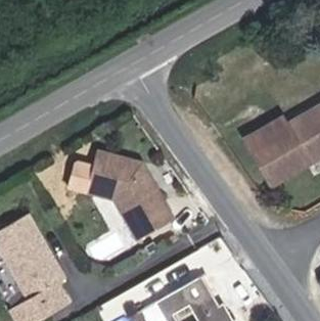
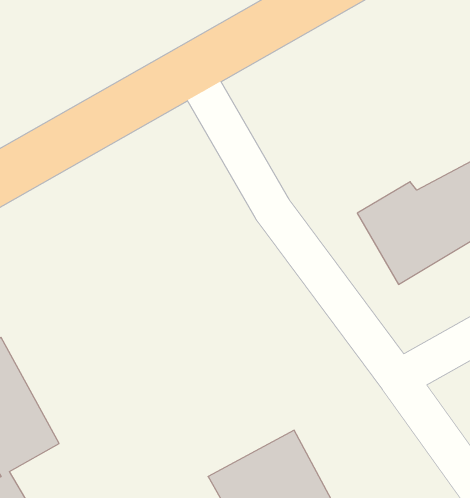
building: [87,152,175,241] -> none

